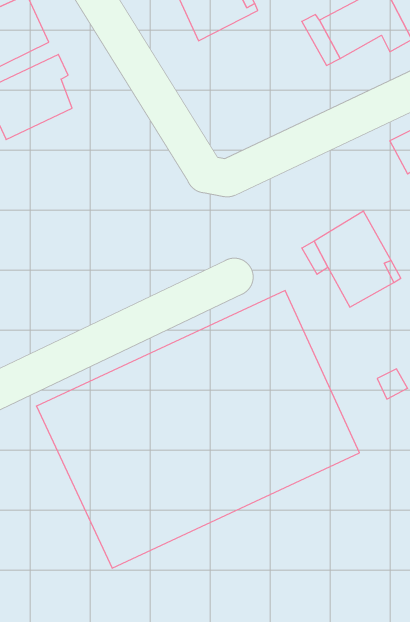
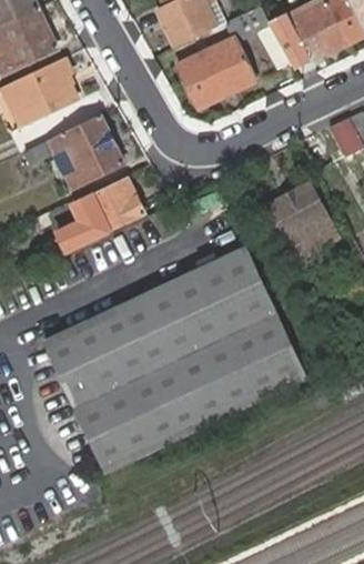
building: none -> [175,38,255,110]
building: none -> [22,113,122,189]
building: none -> [57,183,143,249]

